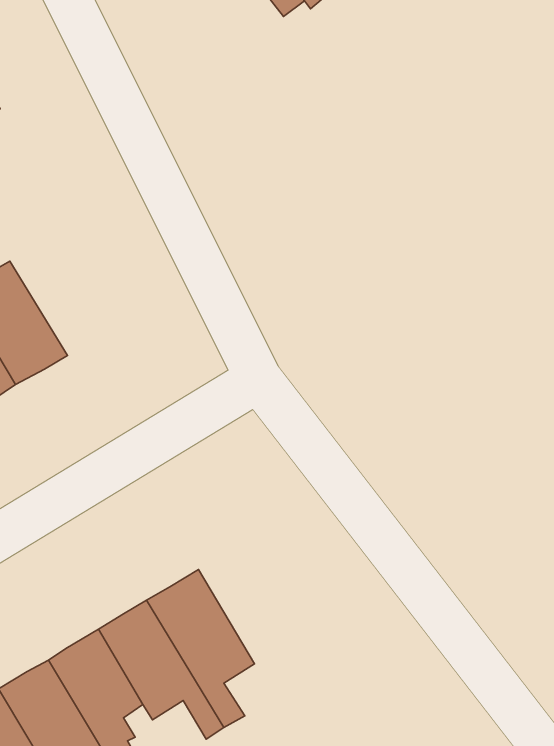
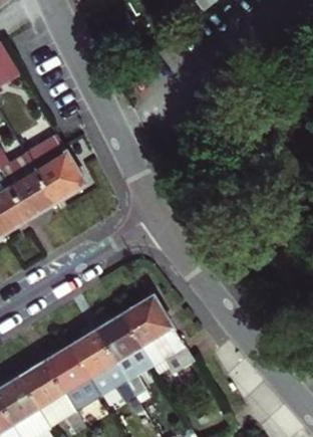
building: none -> [25,135,85,203]
building: none -> [123,296,193,376]

